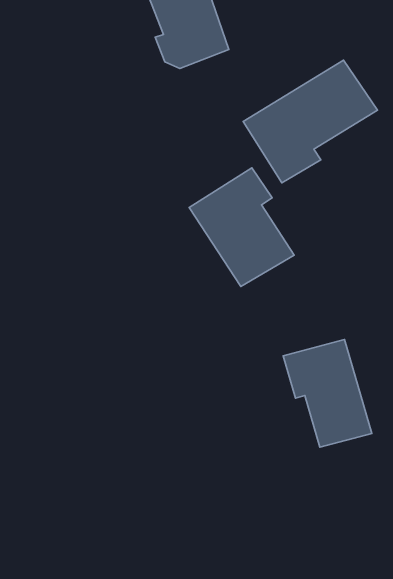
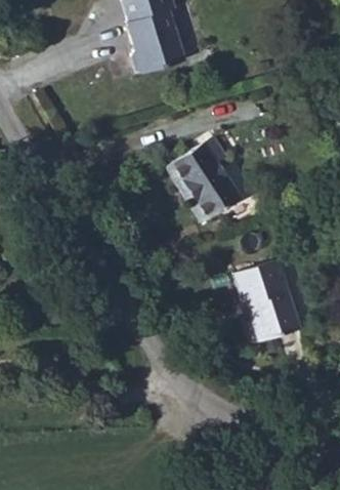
building: [243,60,378,183] -> none

